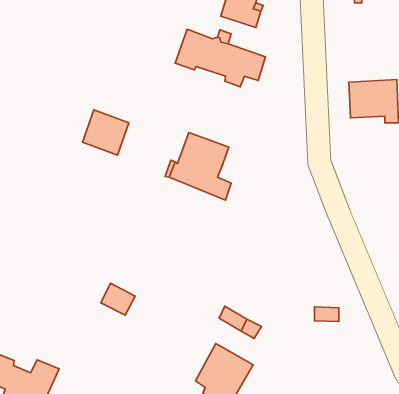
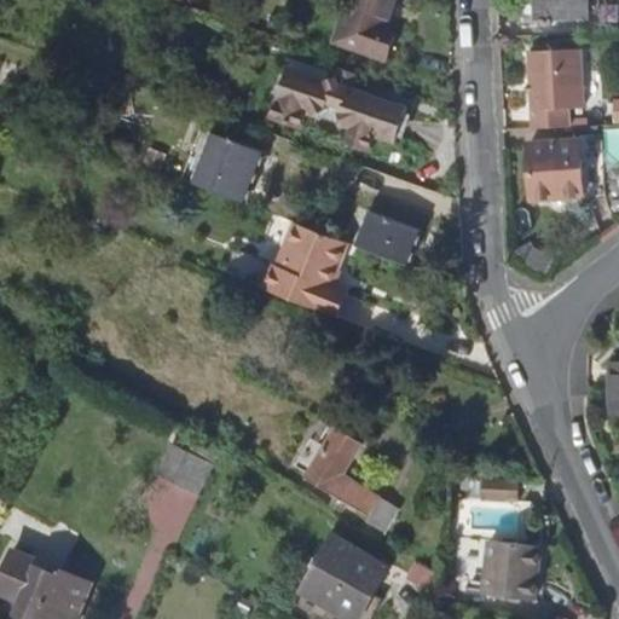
building: none -> [528,50,579,128]
building: [82,110,129,155] -> [189,133,258,201]
building: none -> [359,212,423,265]
building: none -> [305,429,358,496]
building: none -> [478,540,532,601]

